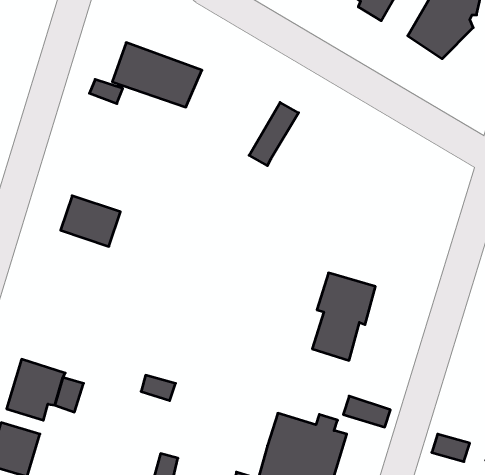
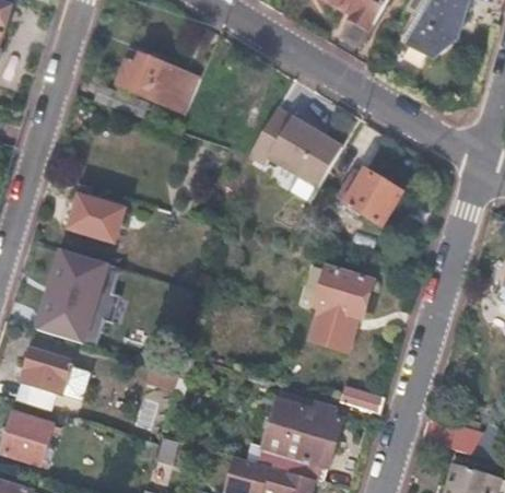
building: none -> [269,115,343,187]
building: none -> [343,167,402,224]
building: none -> [36,249,120,348]

